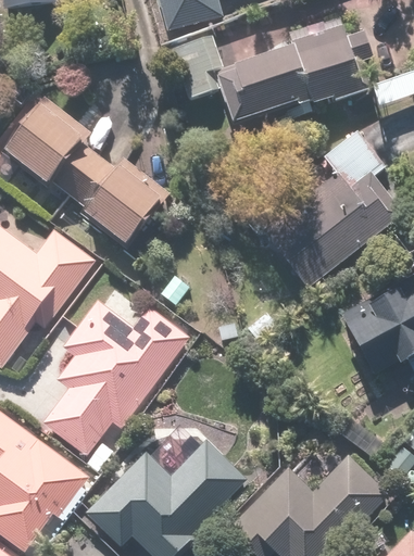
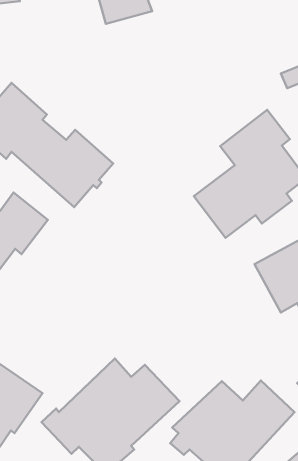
building: [168,26,369,124] -> none
building: [42,287,190,456] -> none

